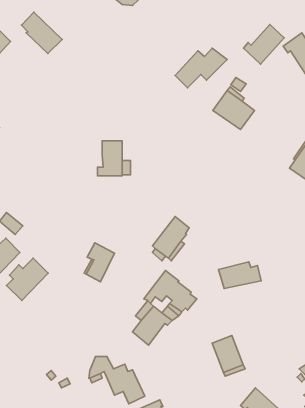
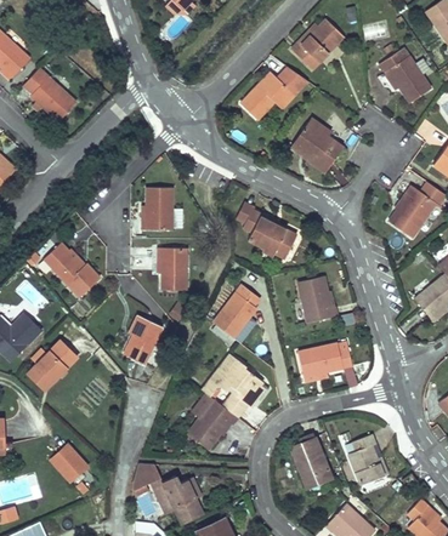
building: [21,12,62,54] -> [23,69,75,122]
building: [243,24,284,64] -> [293,19,345,70]
building: none -> [243,211,296,260]
building: none -> [44,243,101,297]
building: none -> [158,250,187,291]
building: none -> [297,275,338,321]
building: none -> [348,434,389,484]
building: none -> [52,444,89,480]

